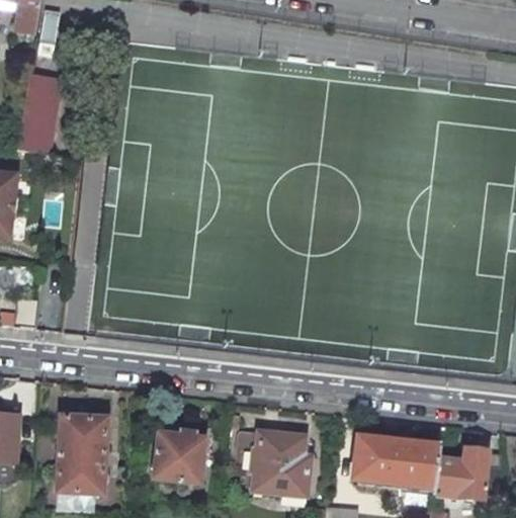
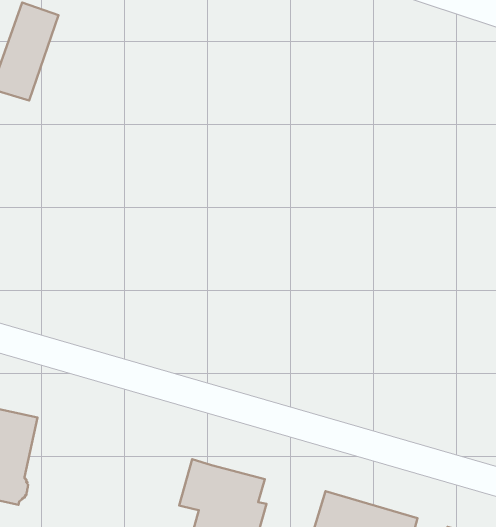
building: [153,428,203,482] -> none

